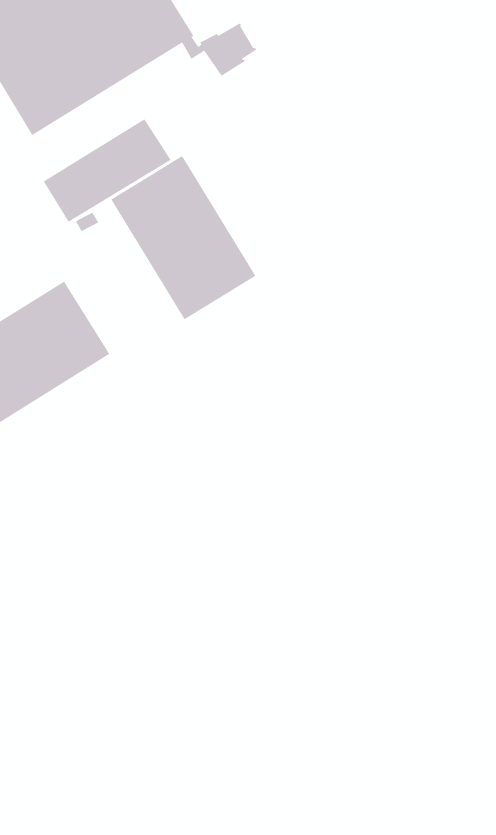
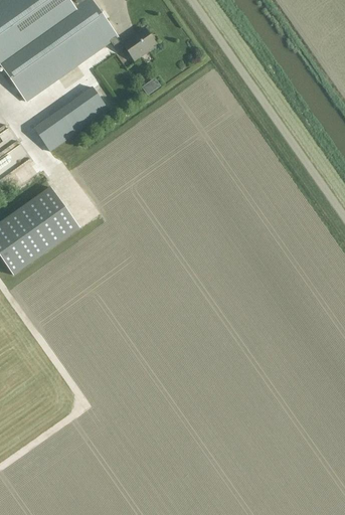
building: [110,155,256,320] -> none

